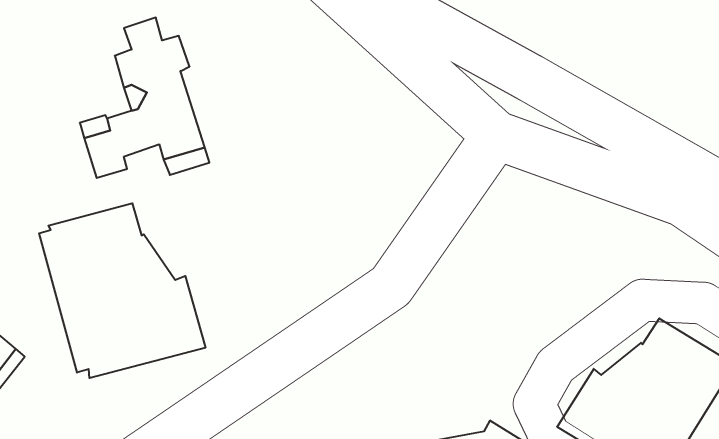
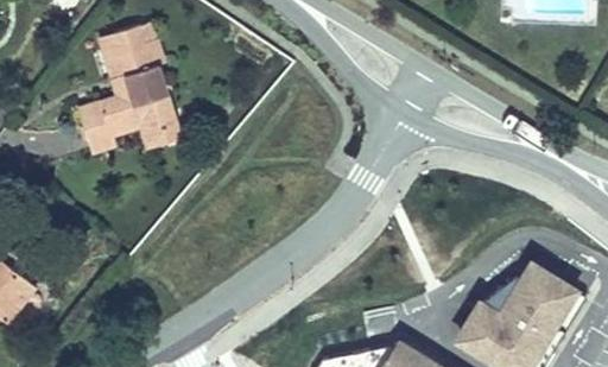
building: [39,203,205,378] -> none

